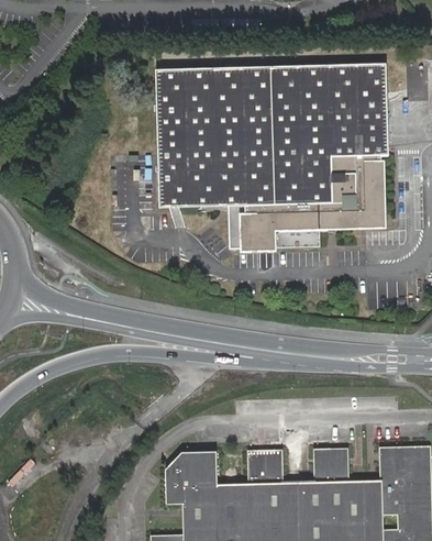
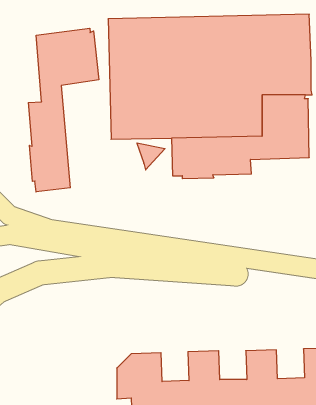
building: none -> [28,28,99,192]

